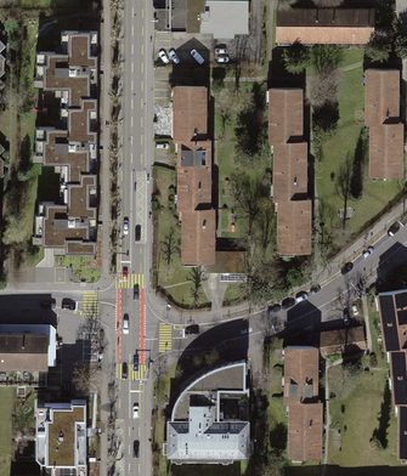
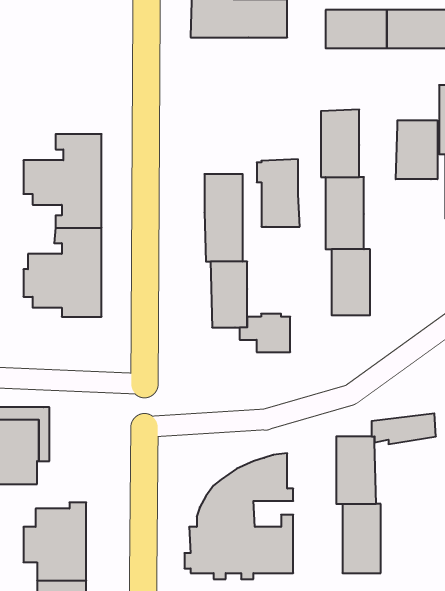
building: [36,34,97,109] -> none
building: [171,87,205,141] -> [257,159,300,227]
building: none -> [396,120,437,179]

